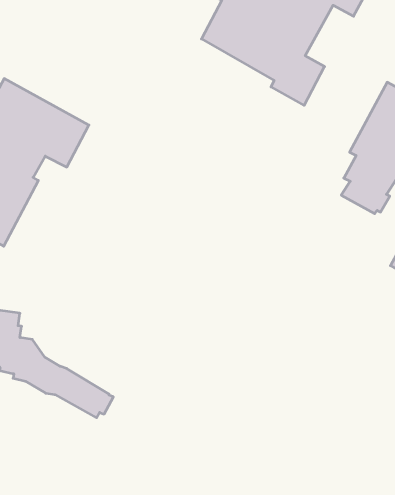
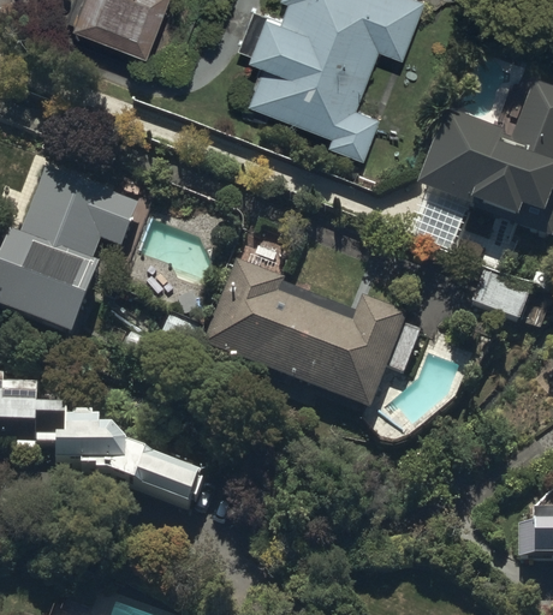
building: none -> [161,256,408,406]

